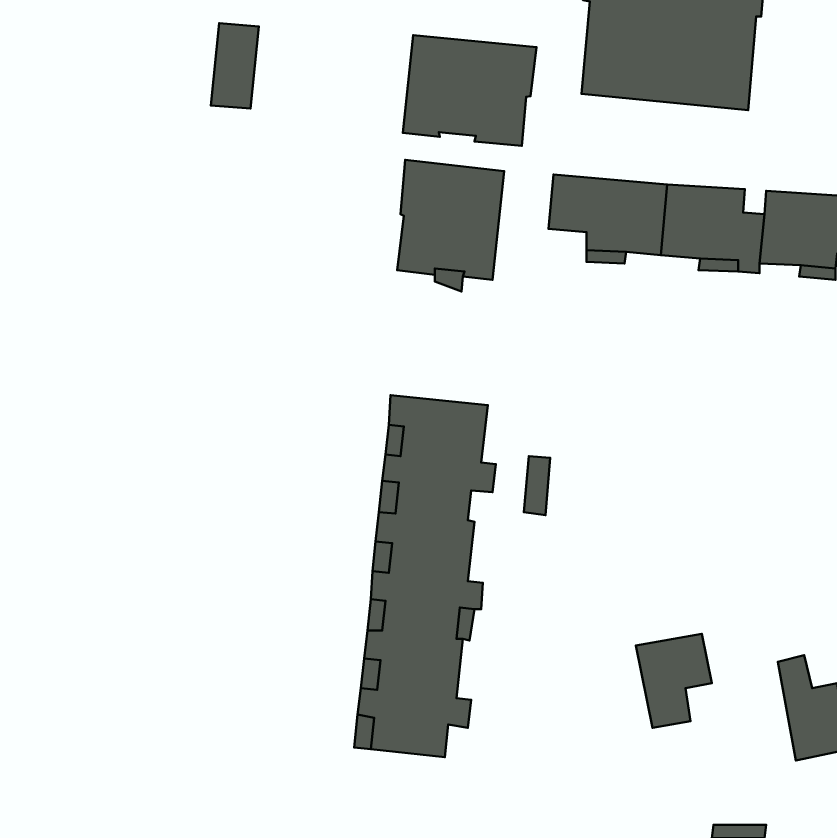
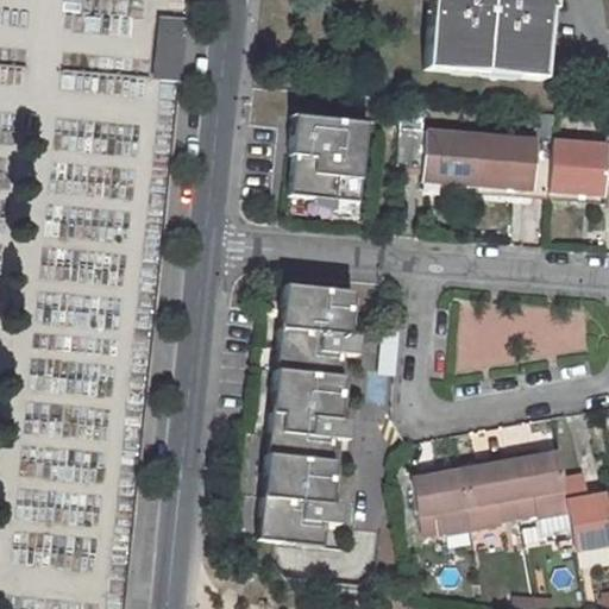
building: [403,35,537,146] -> none
building: none -> [510,448,570,513]
building: none -> [416,466,475,530]

